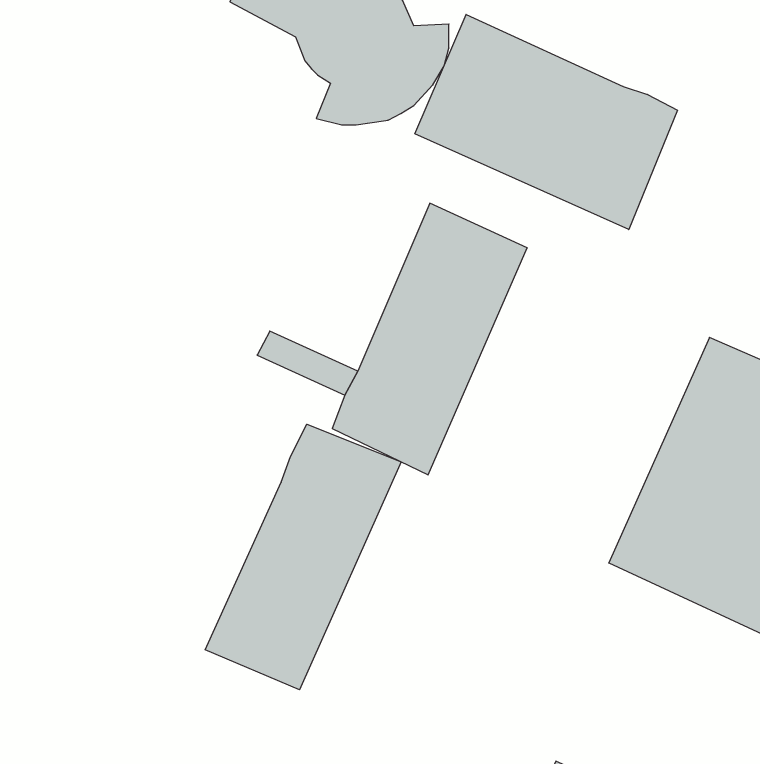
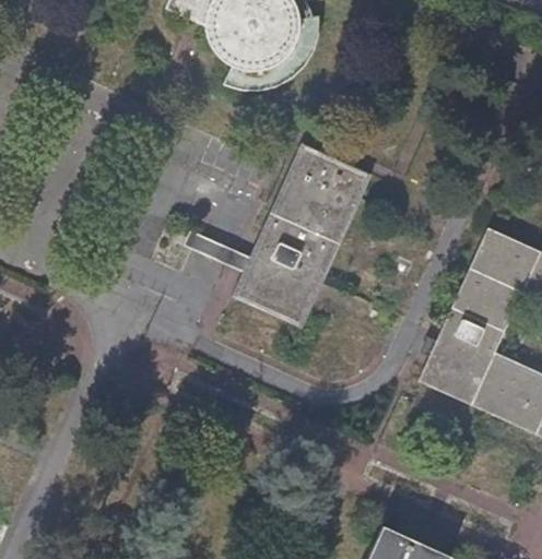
building: [415,14,678,230] -> none
building: [205,424,401,690] -> none

